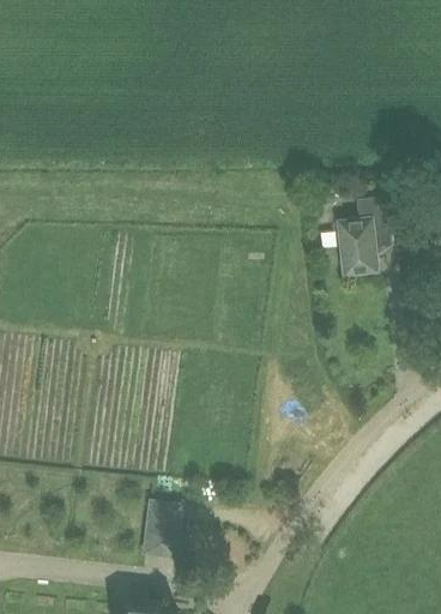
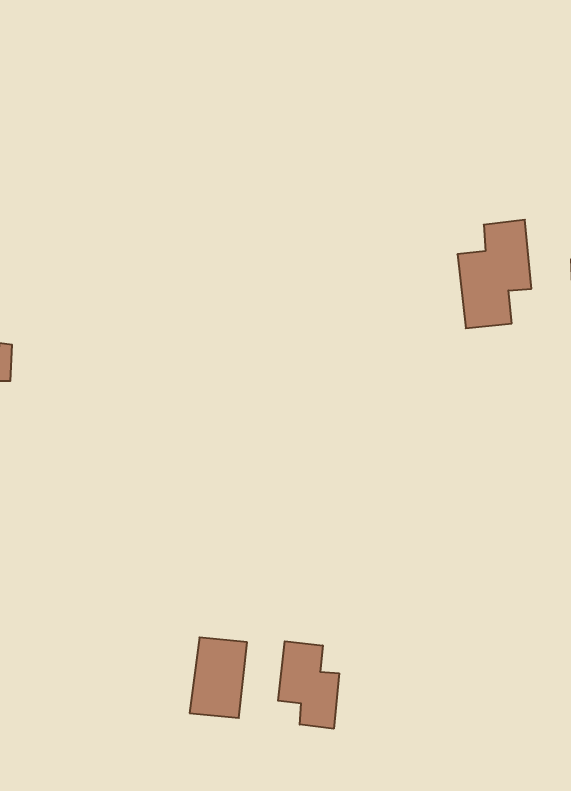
building: none -> [278,641,339,729]

